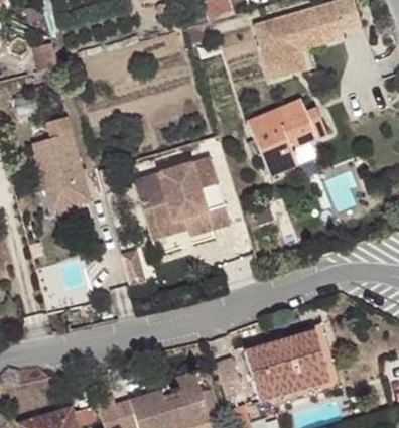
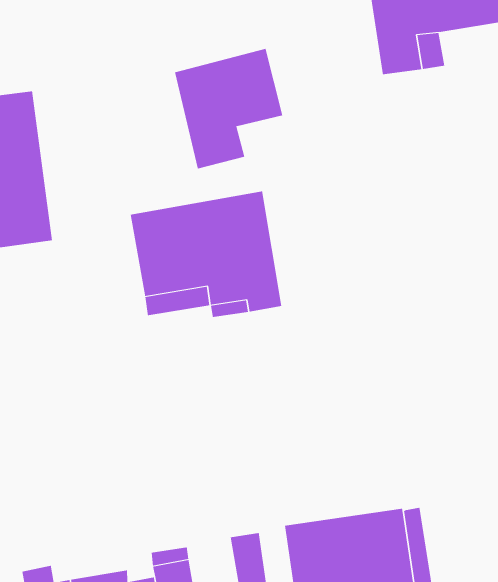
building: [248,98,315,174] -> [174,48,283,169]

